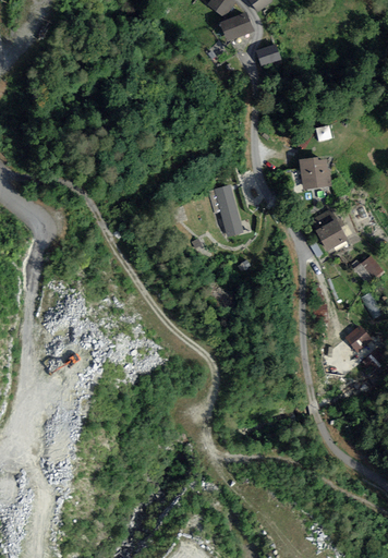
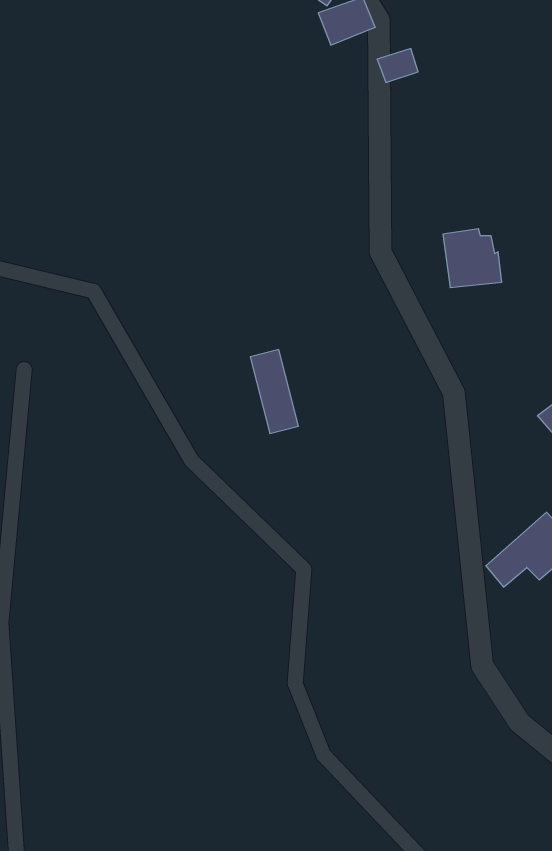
building: [215,185,244,236] -> [250,350,298,433]
building: [310,208,349,251] -> none

